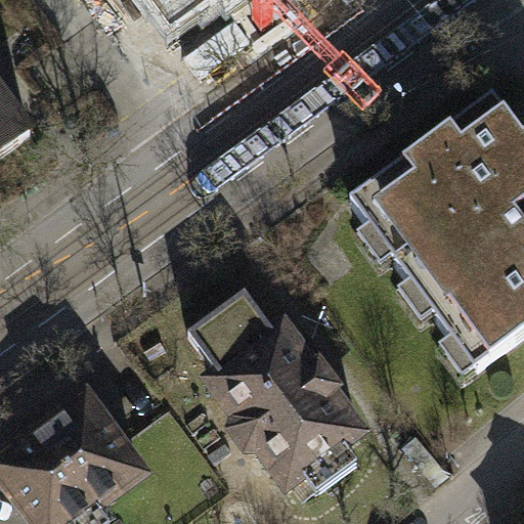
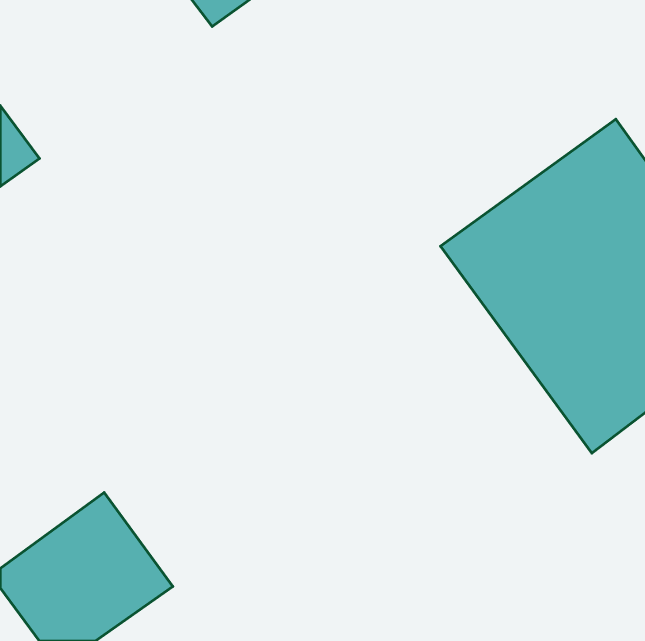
building: [191,292,363,483] -> none

